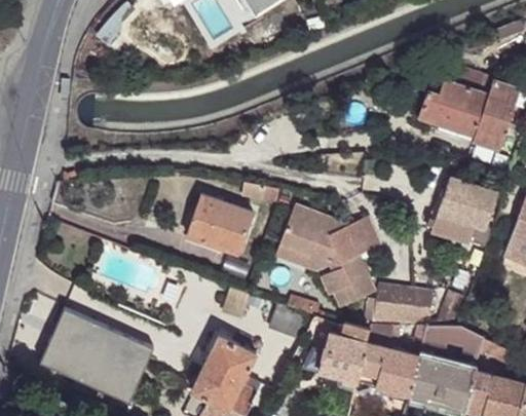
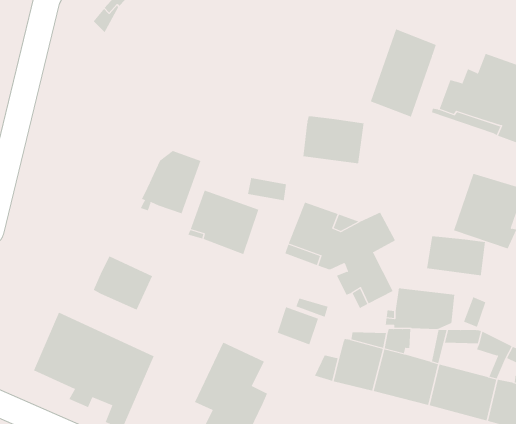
building: none -> [370,29,437,118]
building: none -> [303,116,364,164]
building: none -> [140,150,201,214]
building: none -> [427,235,486,276]
building: none -> [93,255,153,311]

